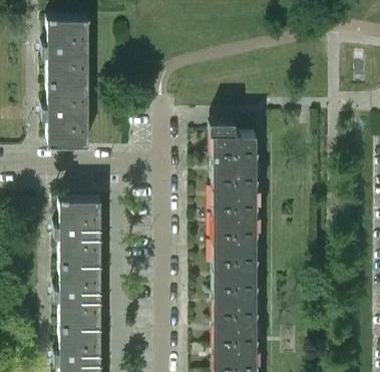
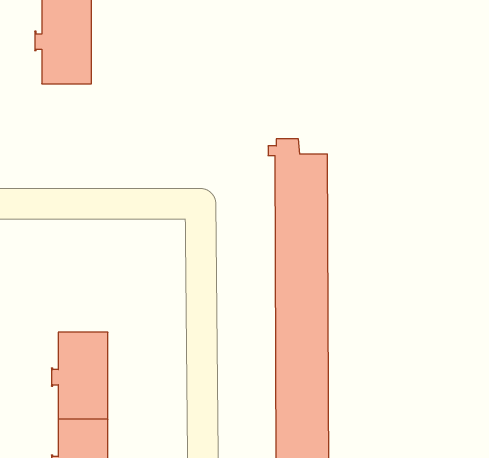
building: [42,83,88,148] -> none
building: [54,200,100,264] -> none

